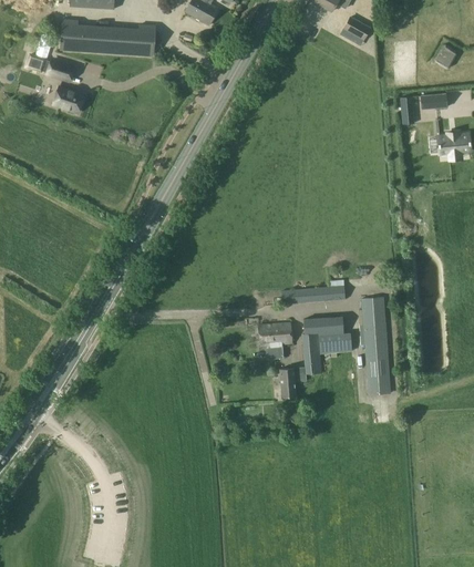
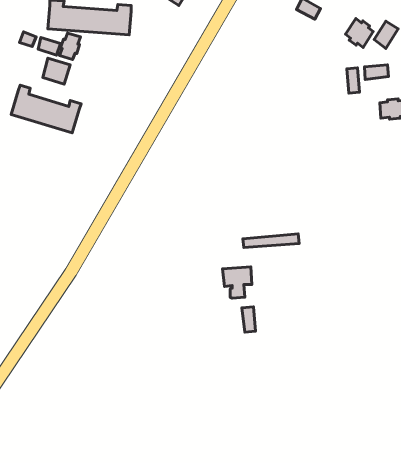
building: none -> [346,18,373,47]
building: none -> [60,33,81,60]
building: none -> [11,85,81,133]
building: [359,295,391,392] -> none
building: [305,317,351,372] -> none

